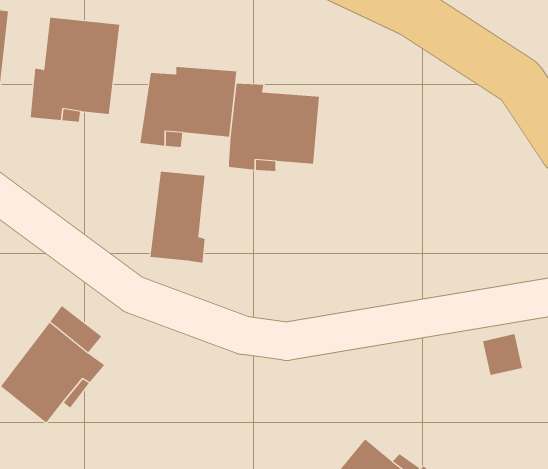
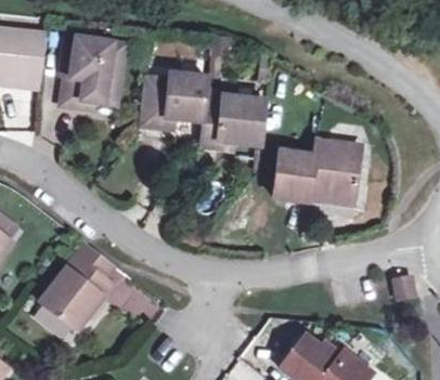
building: none -> [277,139,358,202]
building: [150,171,205,264] -> none

